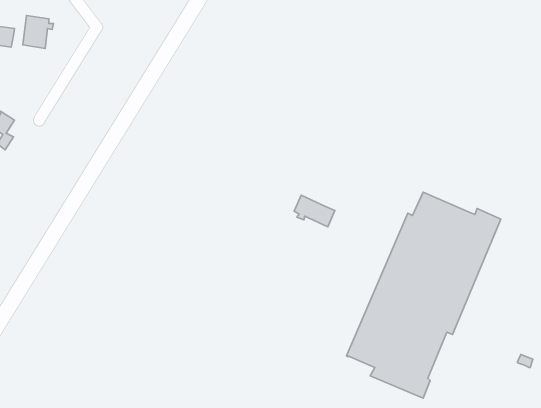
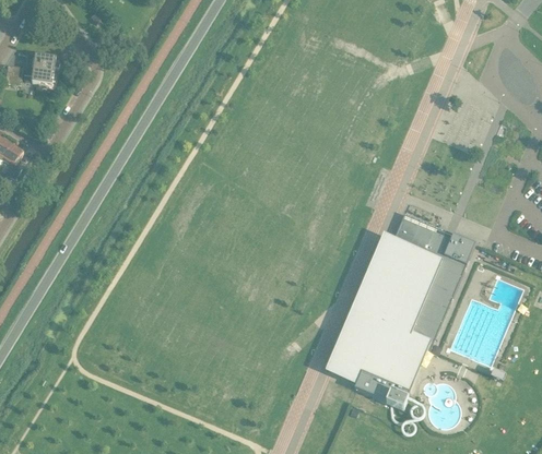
building: [294,195,335,227] -> none

